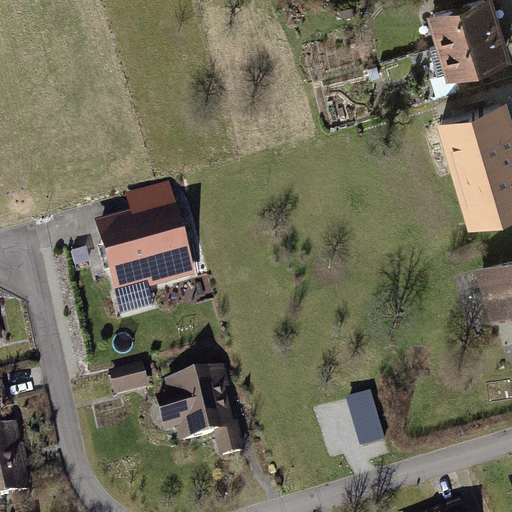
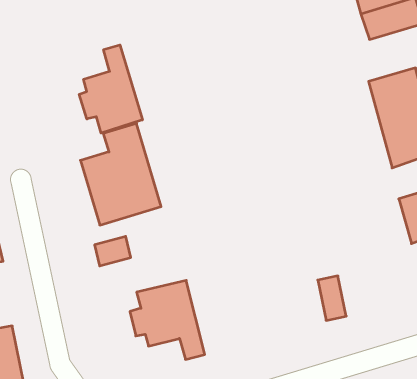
building: none -> [79,45,142,133]
building: [108,362,151,397] -> [95,236,131,266]
building: [348,387,382,440] -> [318,276,346,320]

